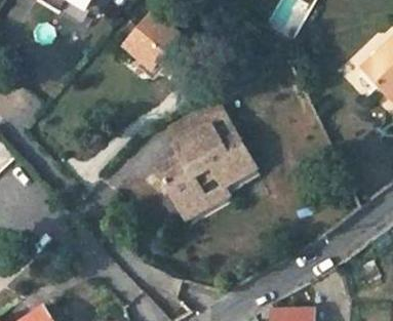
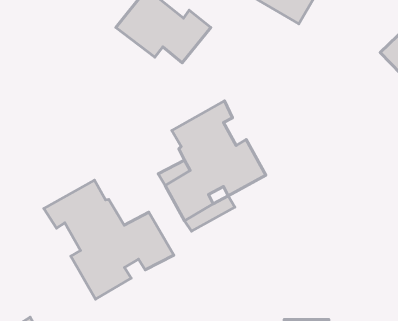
building: none -> [44,180,174,299]

